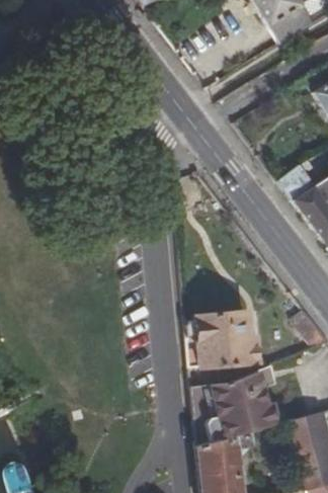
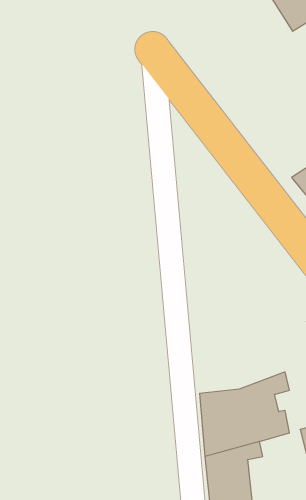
building: [186,313,260,372] -> none

